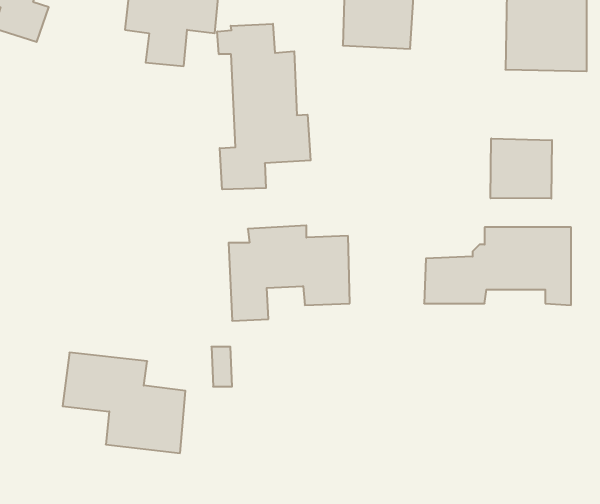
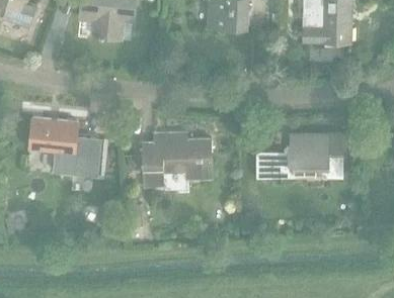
building: [217,24,311,189] -> none
building: [491,138,552,199] -> none
building: [63,353,185,453] -> [26,118,98,177]

